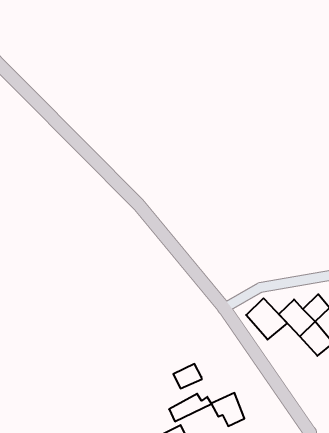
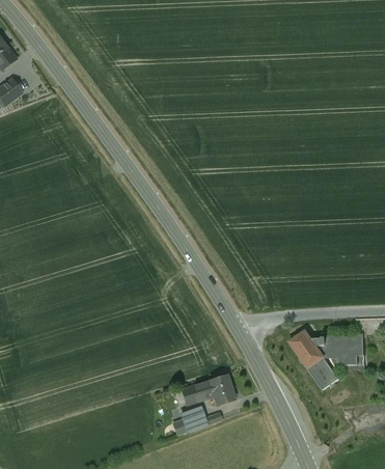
building: [246,298,287,340] -> none
building: [211,393,244,426] -> [202,375,232,406]

